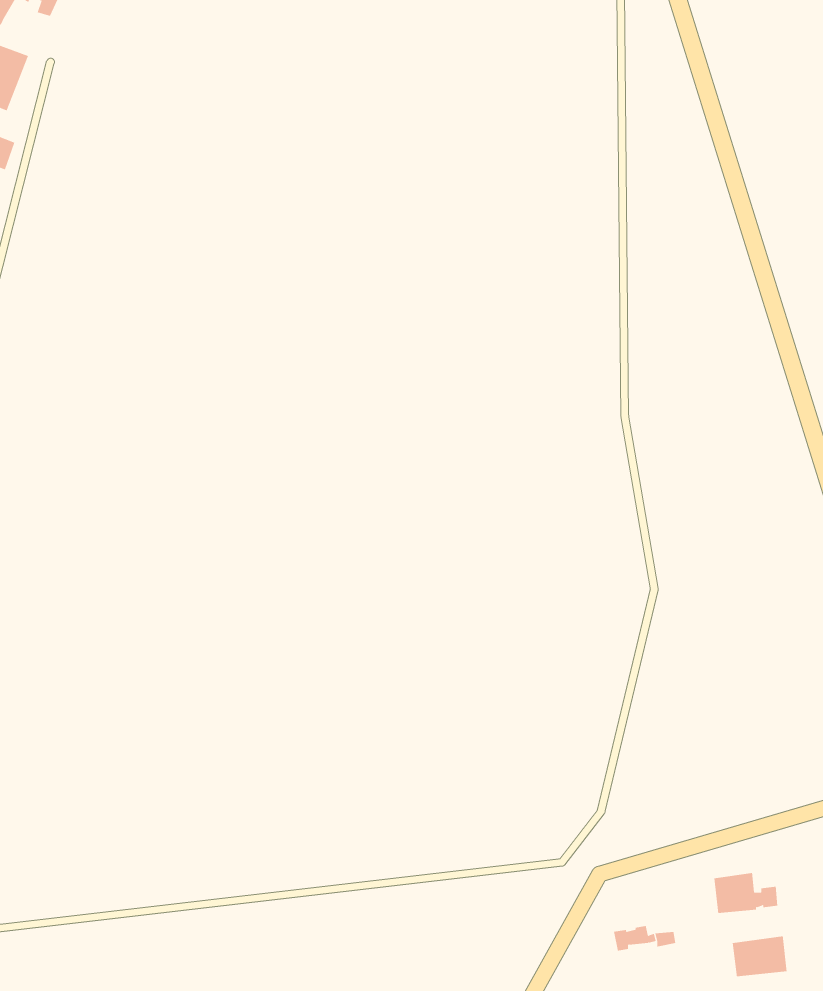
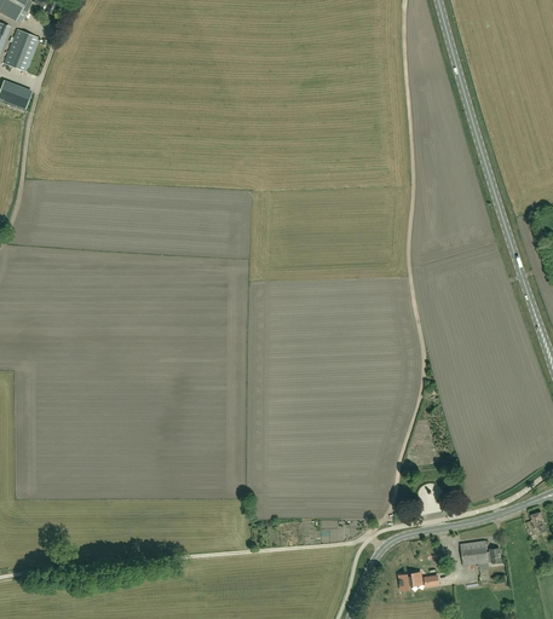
building: [732,936,787,977] -> none

